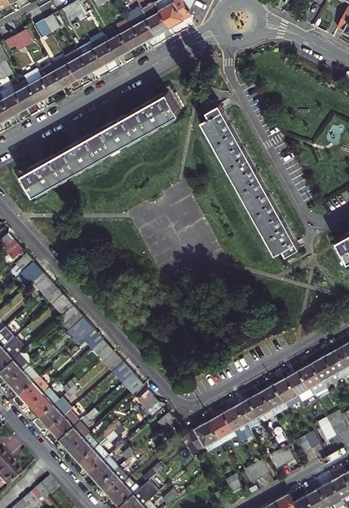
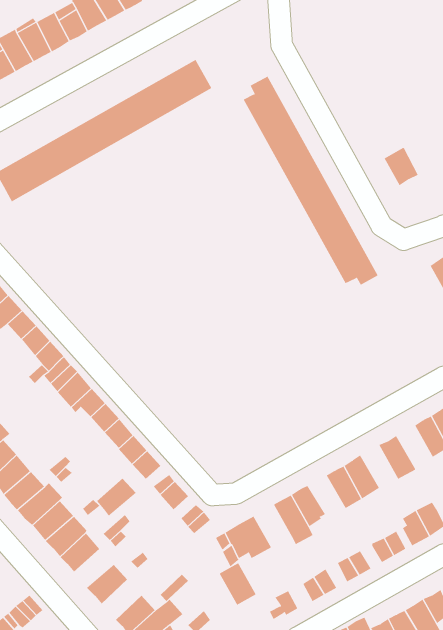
building: none -> [384,147,419,186]
building: [312,356,338,387] -> none
building: [286,370,313,402] -> none
building: [248,392,275,422] -> none
building: [209,413,236,444] -> [219,562,256,605]
building: [79,445,108,473] -> [96,478,136,517]
building: [99,467,128,496] -> none

